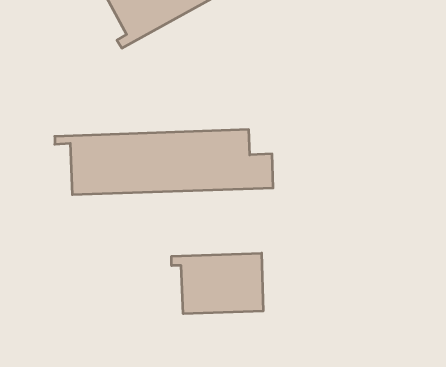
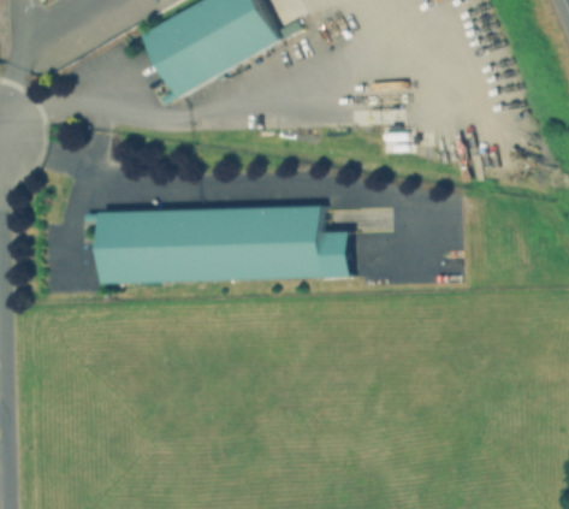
building: [172,253,263,314] -> none

